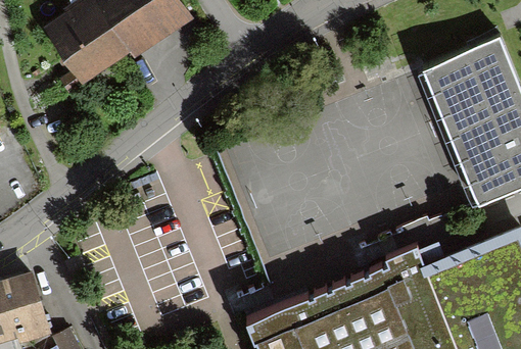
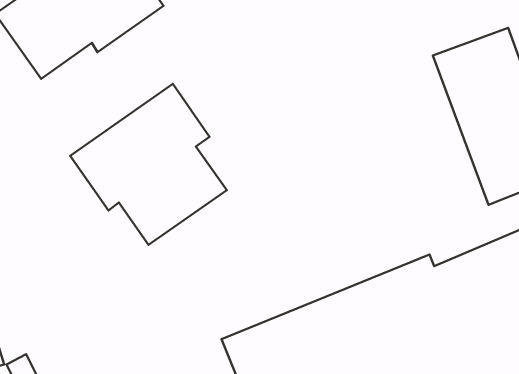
building: none -> [70,84,227,245]

